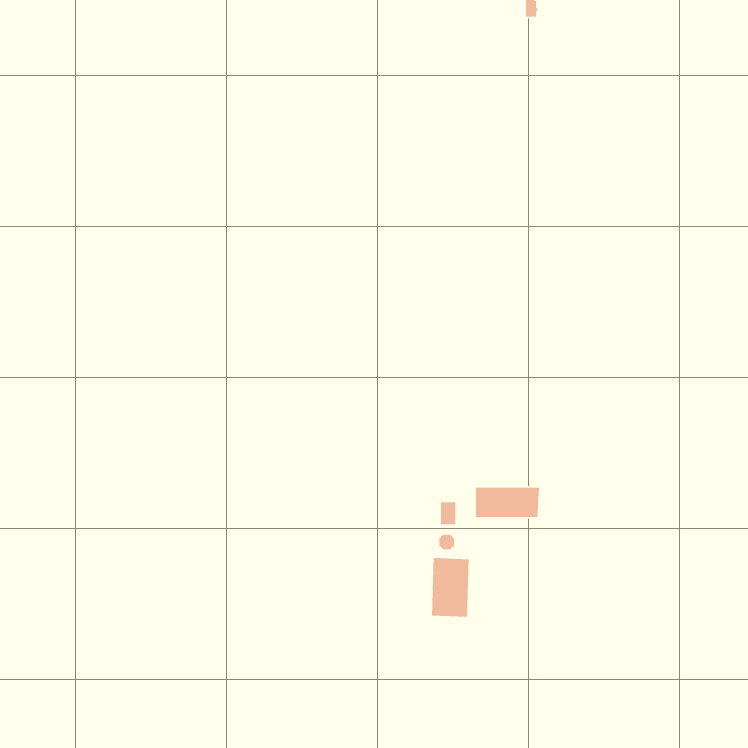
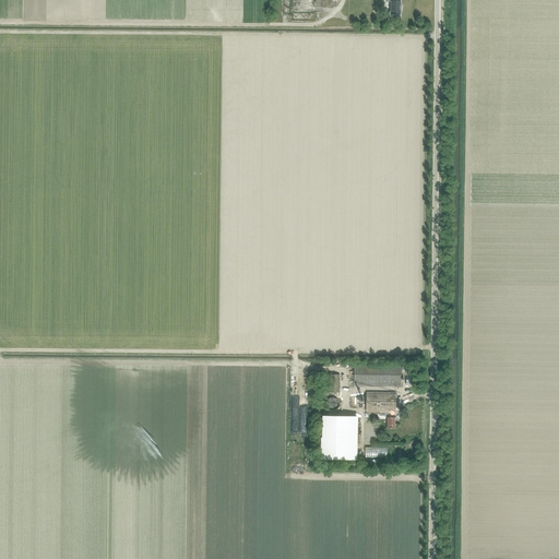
building: none -> [367,391,396,427]

